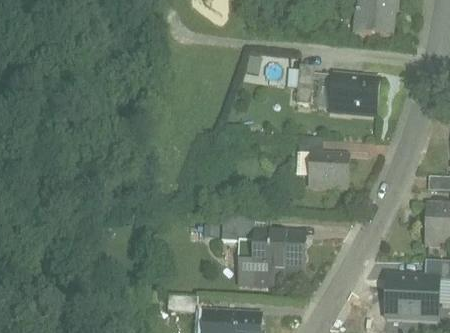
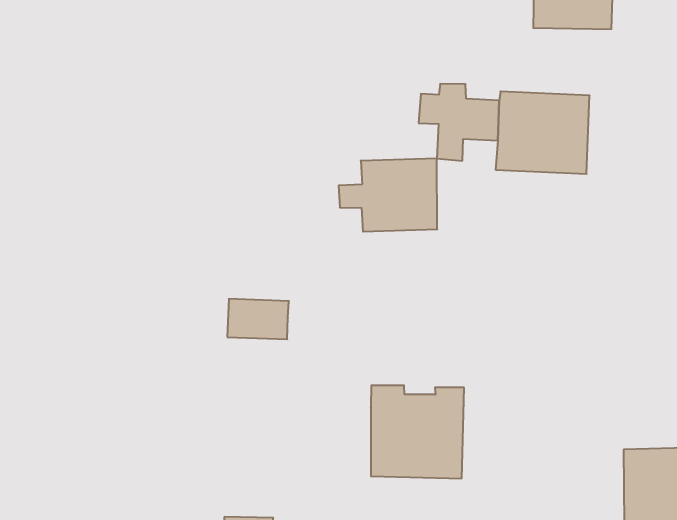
building: [296,149,351,189] -> [339,158,437,232]
building: [218,213,253,237] -> [227,299,289,339]

